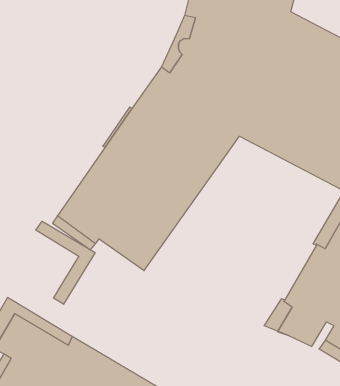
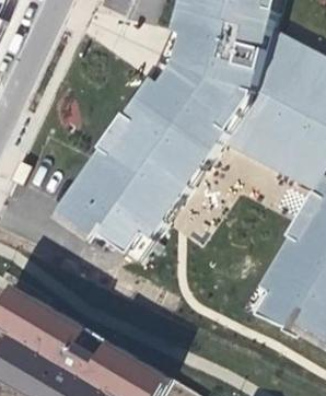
building: [36,221,95,304] -> none

